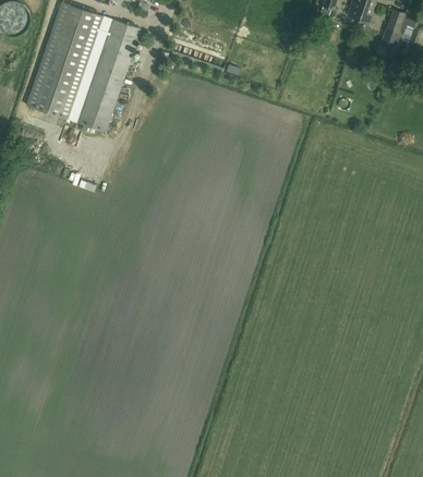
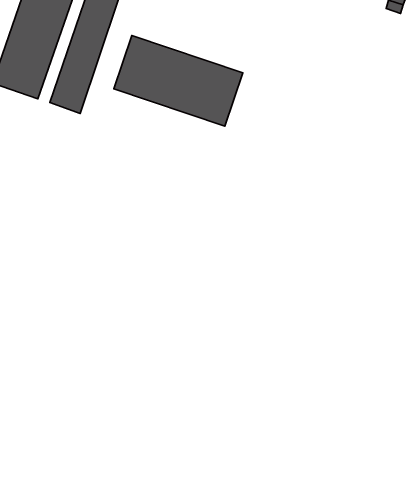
building: none -> [114,35,243,126]

